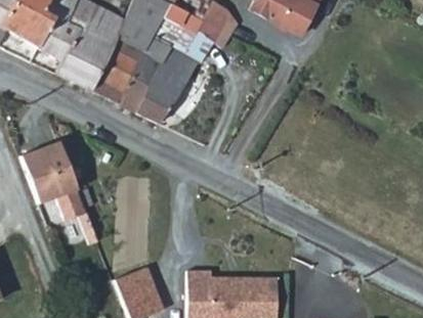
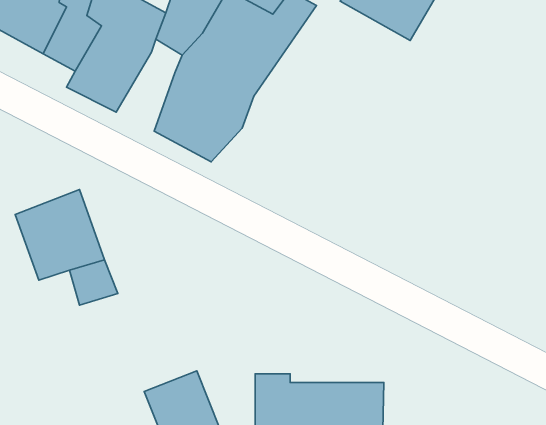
building: [91,37,137,101] -> none

